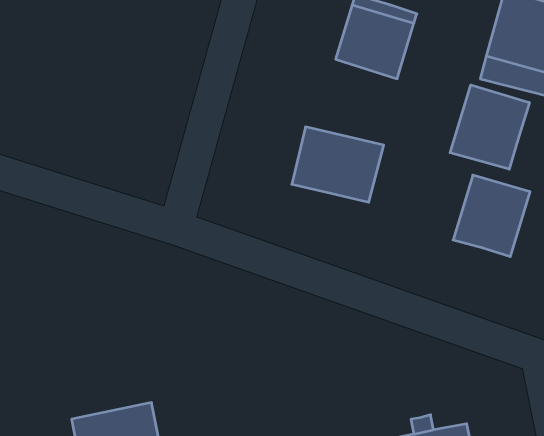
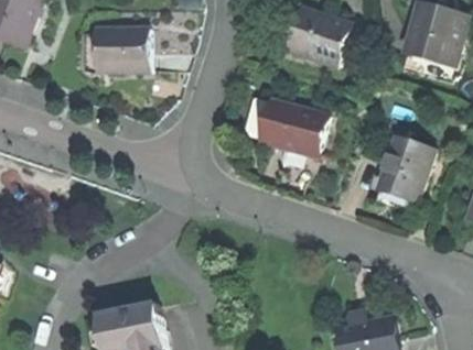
building: none -> [100,30,149,73]
building: [450,85,529,169] -> none

